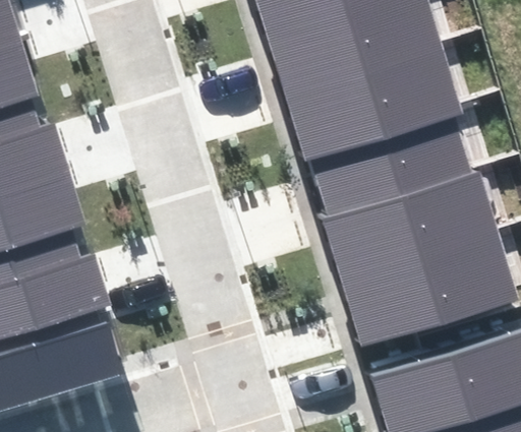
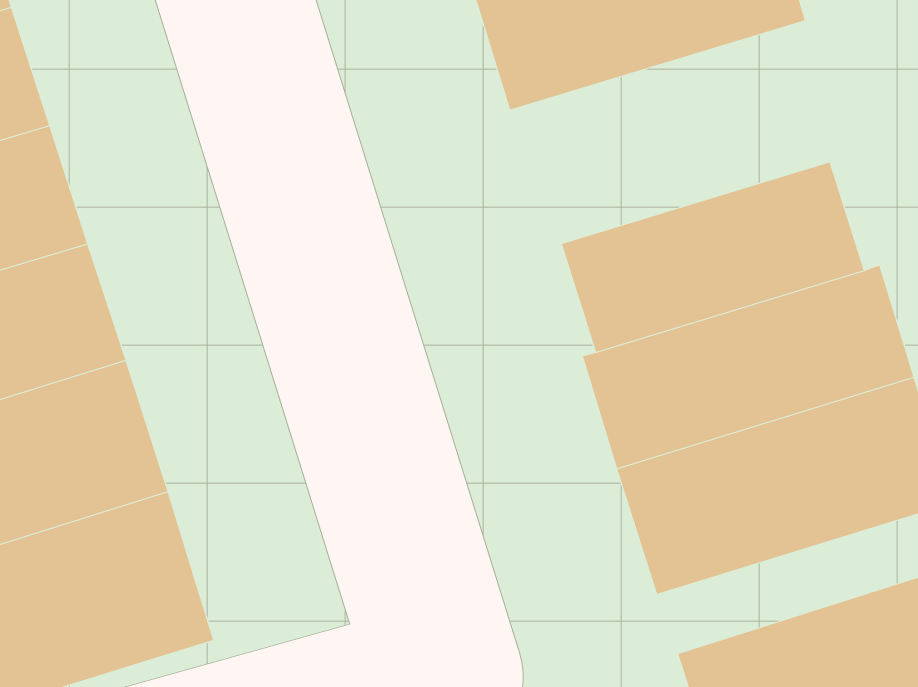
building: [283,41,463,161] -> none

